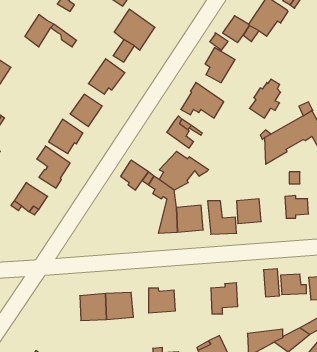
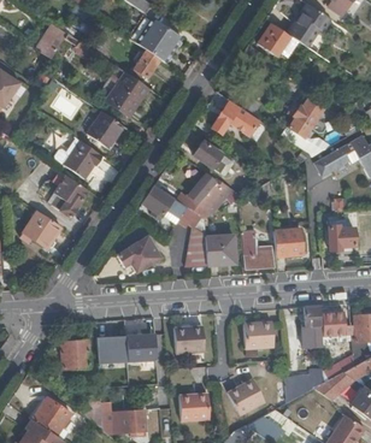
building: [205,47,235,83] -> none
building: none -> [118,236,160,270]
building: none -> [61,341,89,370]

